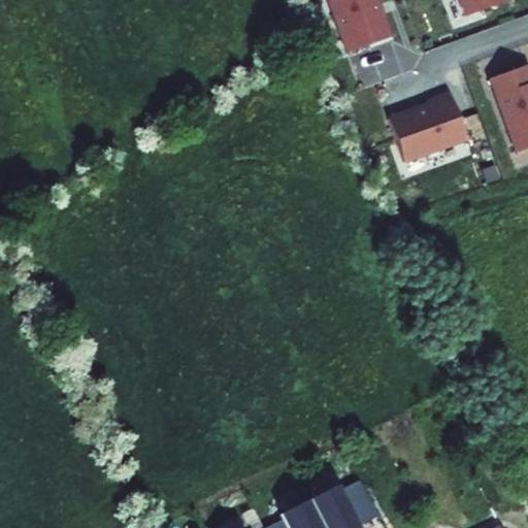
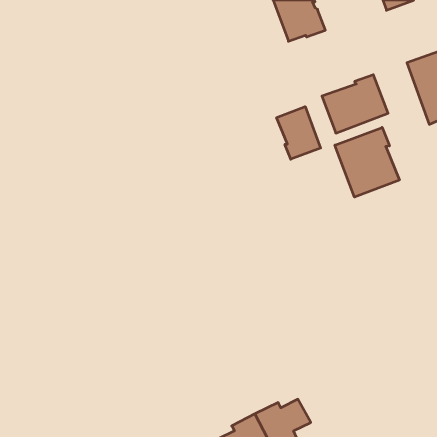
building: none -> [277,107,321,159]
building: none -> [335,127,399,197]

